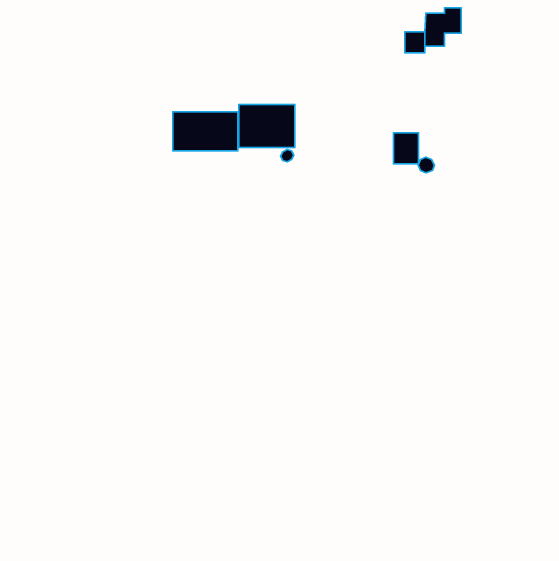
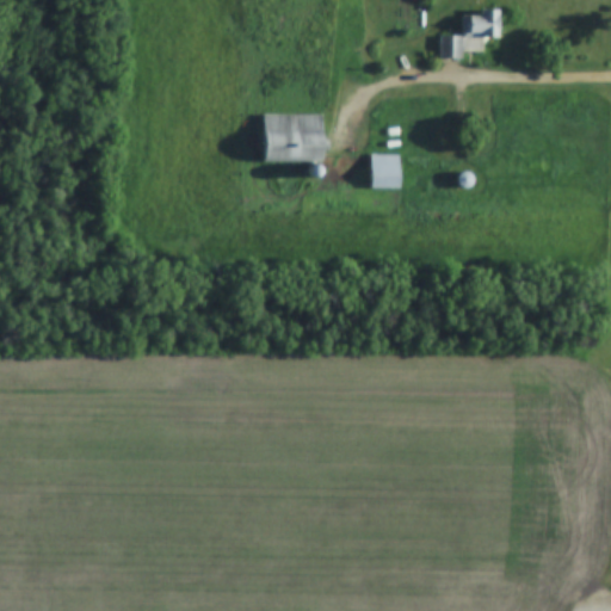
building: [173,112,238,151] -> none
building: [393,133,419,164] -> [372,154,400,187]

